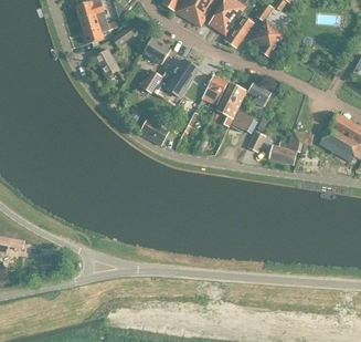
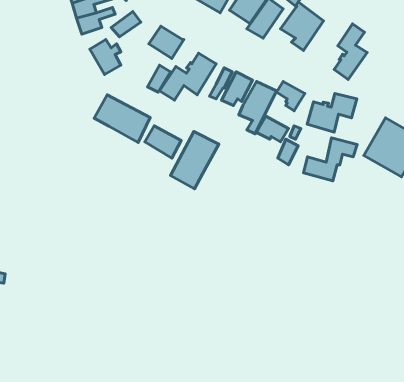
building: none -> [334,24,367,79]
building: none -> [307,93,357,132]
building: none -> [94,95,150,142]
building: none -> [170,132,219,189]

